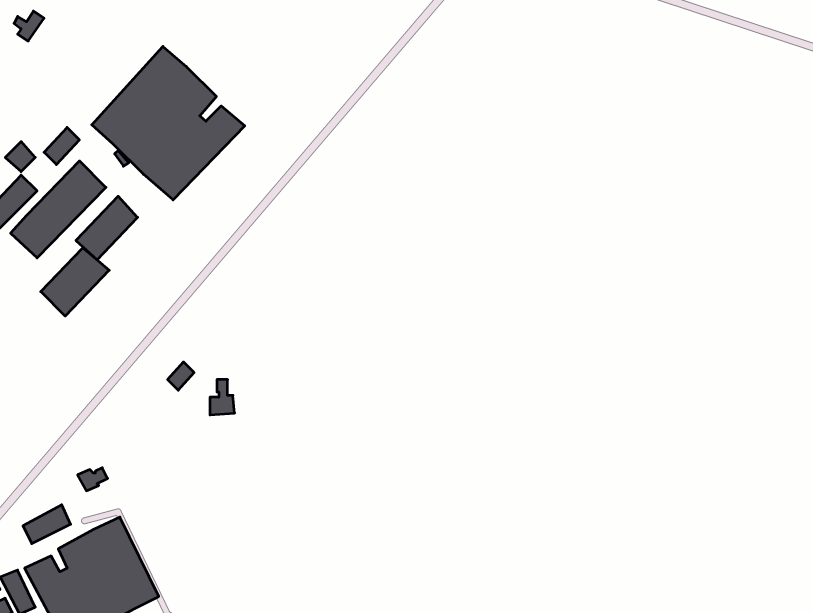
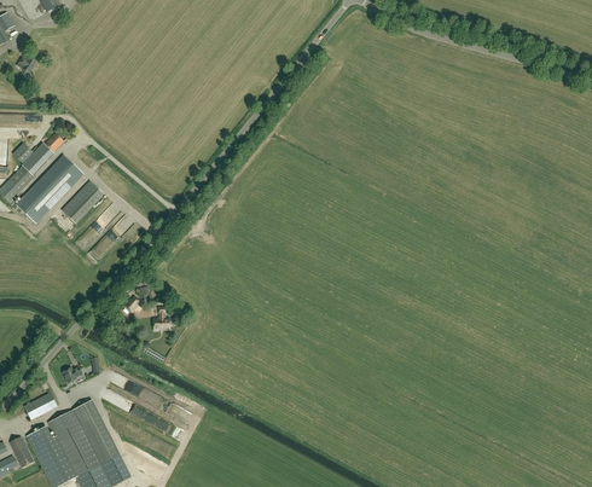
building: [92,46,245,200] -> none
building: [41,248,109,316] -> none

